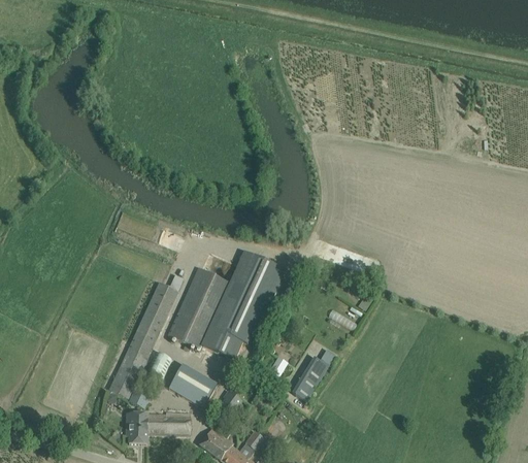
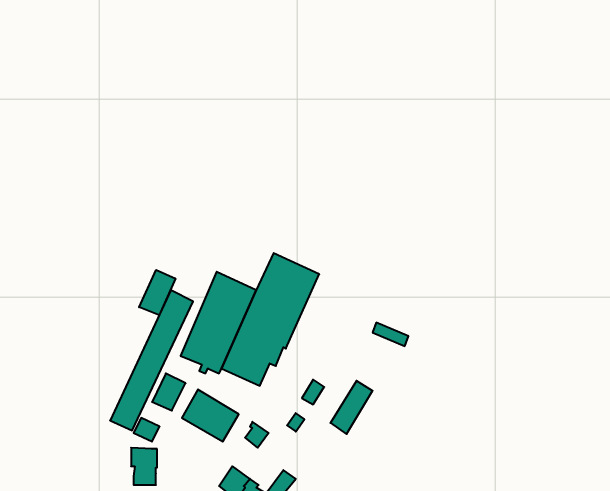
building: none -> [139,270,175,315]
building: [147,412,191,434] -> none

